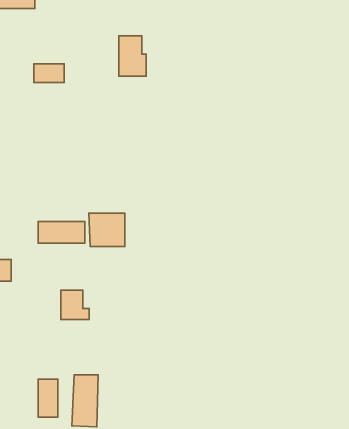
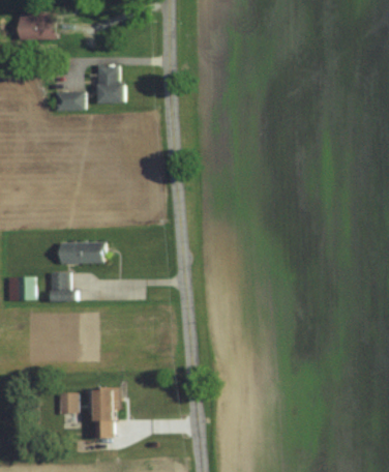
building: [119,36,146,76] -> [96,64,122,102]
building: [89,213,125,247] -> none
building: [61,290,89,319] -> [49,272,76,300]

